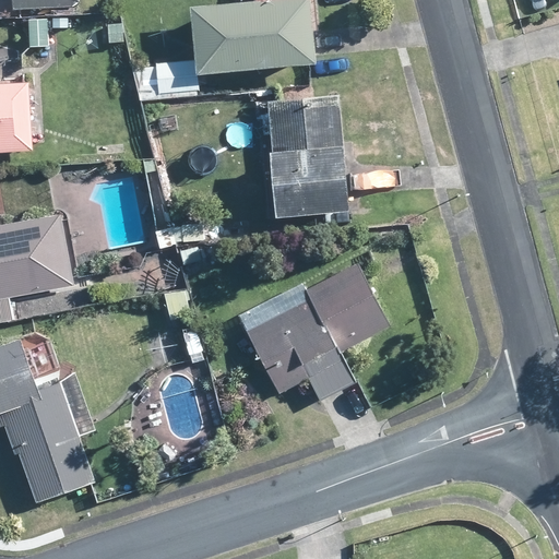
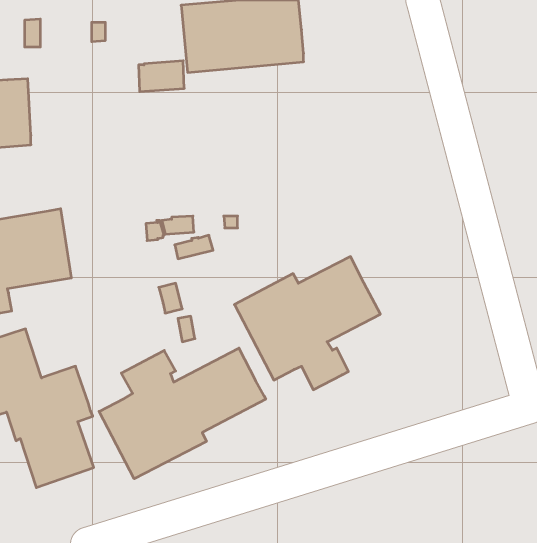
building: [258,97,347,217] -> none
building: none -> [99,348,266,479]

